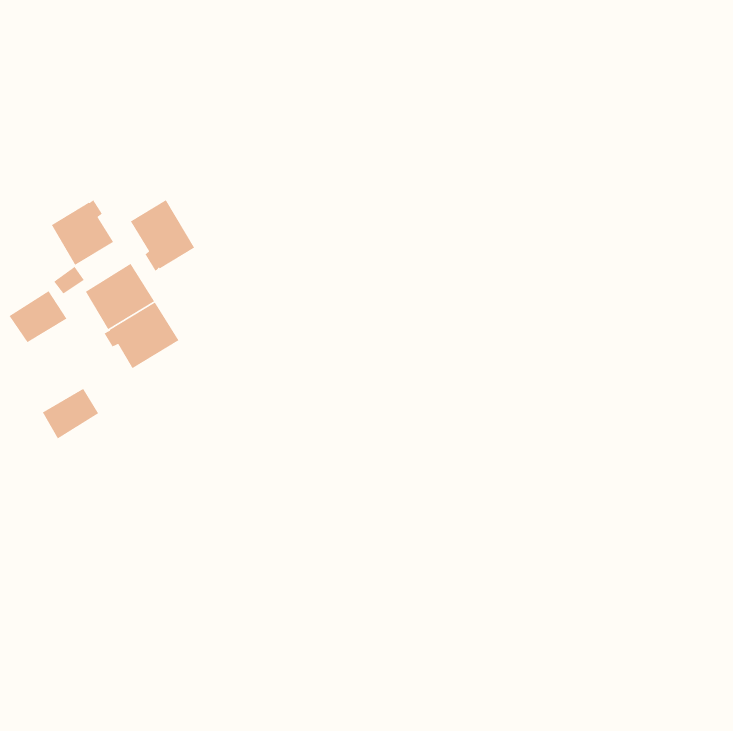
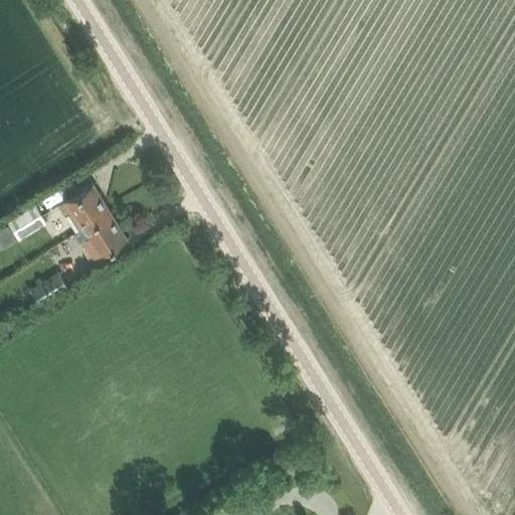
building: [51,199,114,266] -> none
building: [130,199,195,272] -> none

